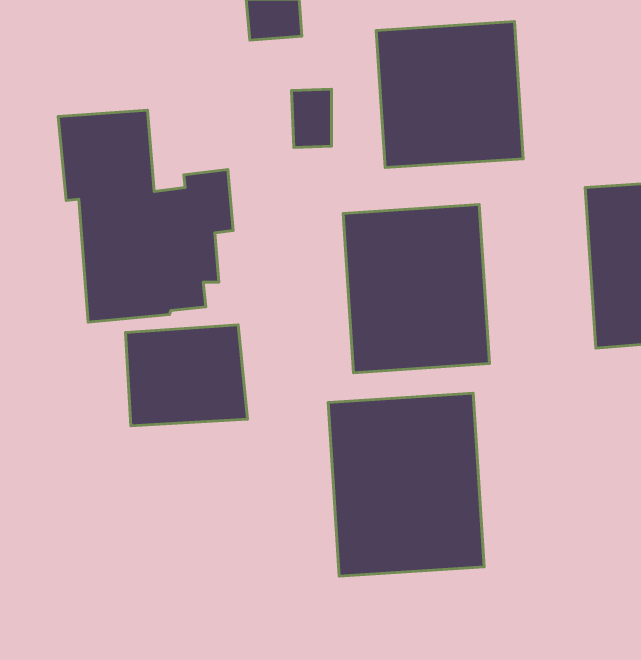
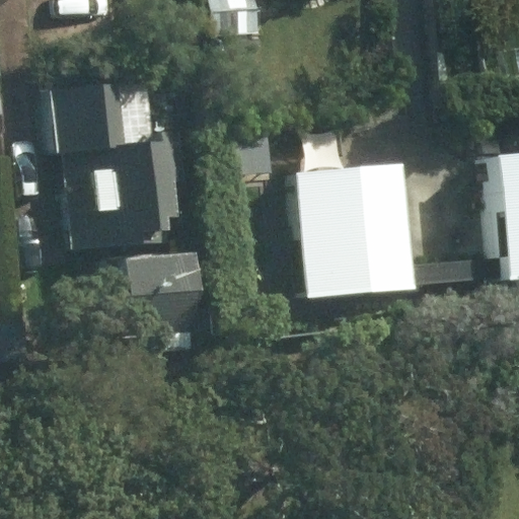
building: [376,22,523,168] -> none
building: [328,393,484,576] -> none

